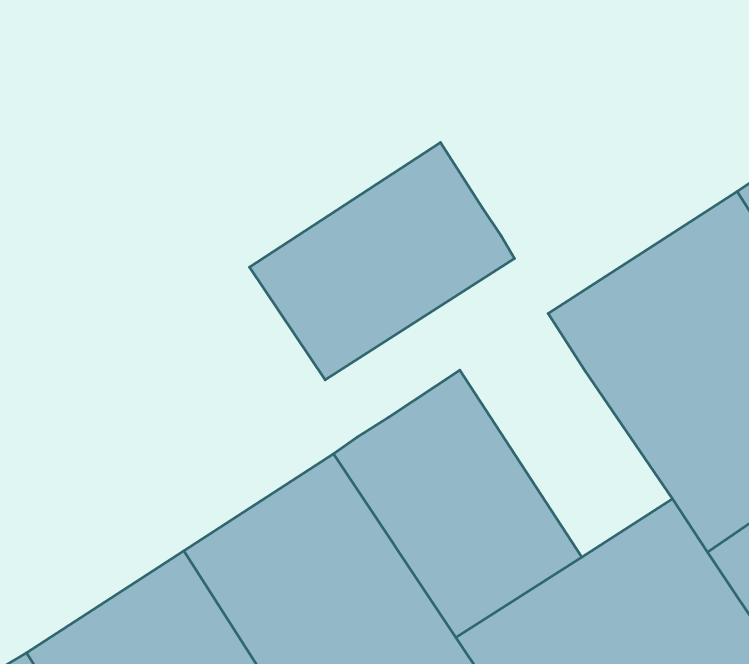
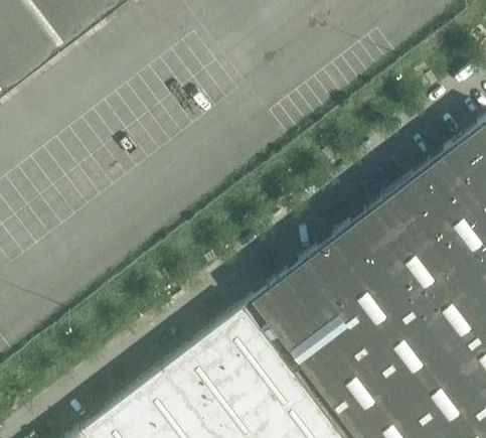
building: [249,142,515,380] -> none
building: none -> [315,216,435,346]

